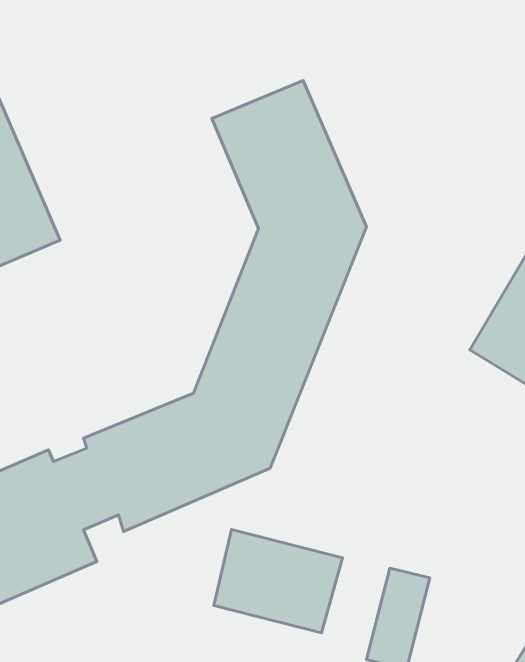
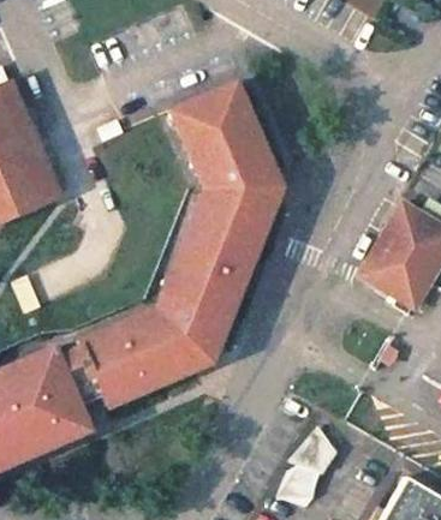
building: [214,530,342,633] -> none

